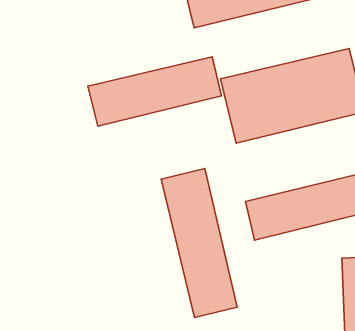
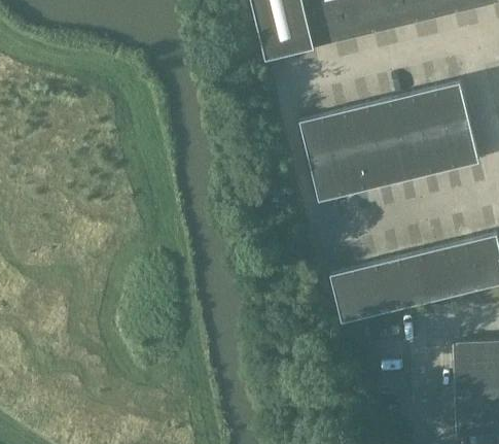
building: [88,57,222,126] -> none
building: [161,169,237,318] -> none

